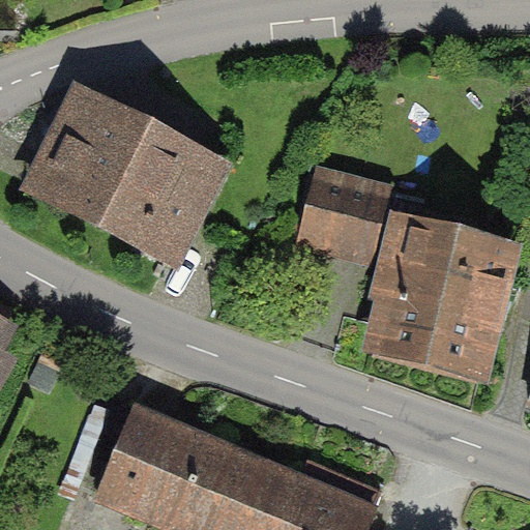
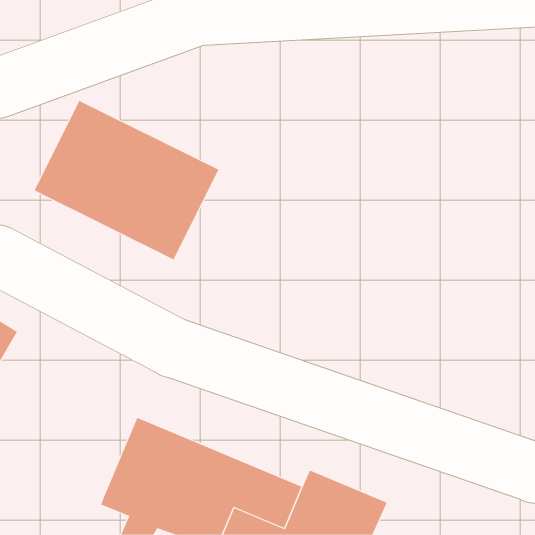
building: [301,176,378,256] -> none
building: [372,222,509,376] -> none

